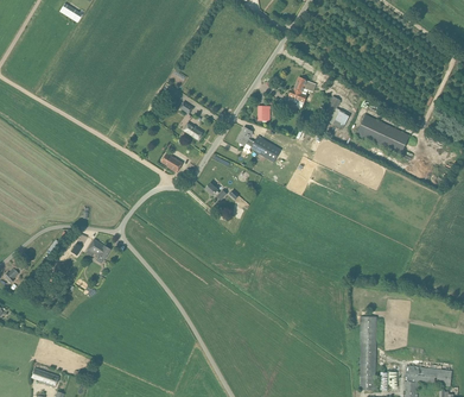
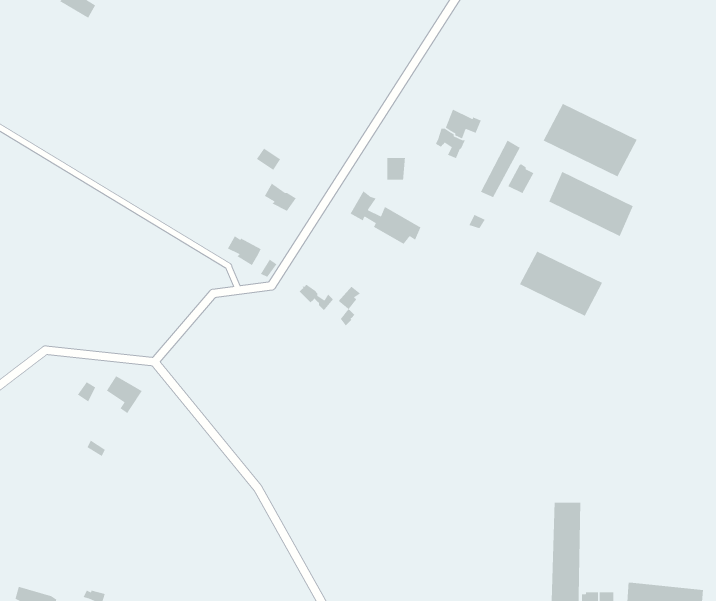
building: none -> [543,103,638,177]
building: none -> [519,250,603,317]

